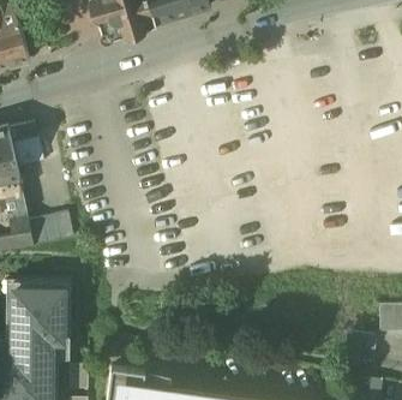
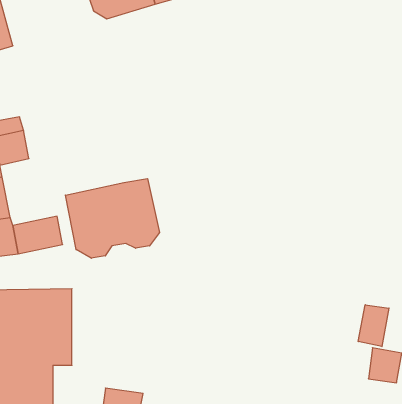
building: none -> [65,179,159,258]
building: none -> [358,305,389,347]

